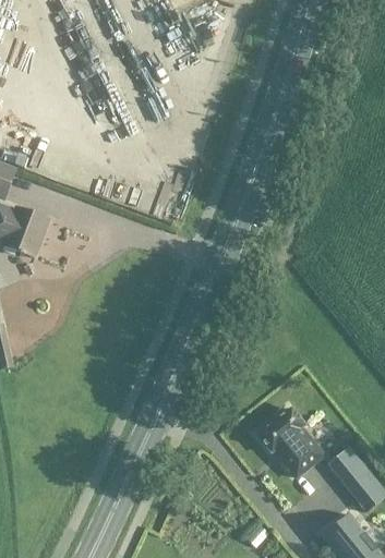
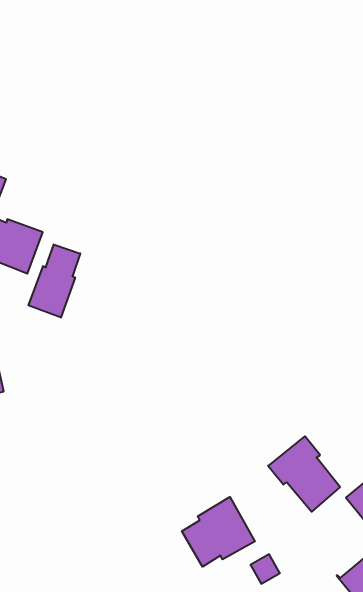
building: none -> [28,244,80,318]
building: none -> [182,497,255,567]

